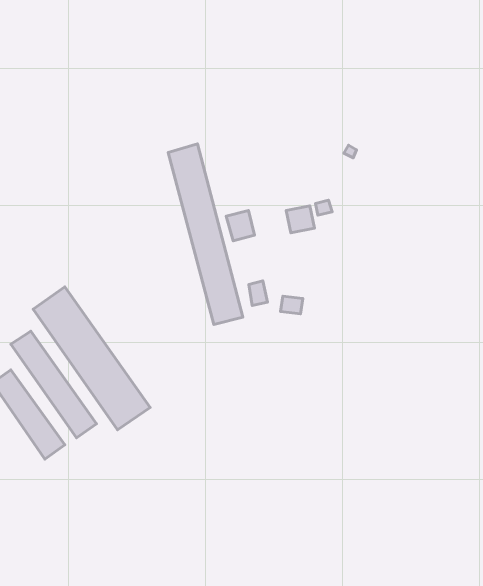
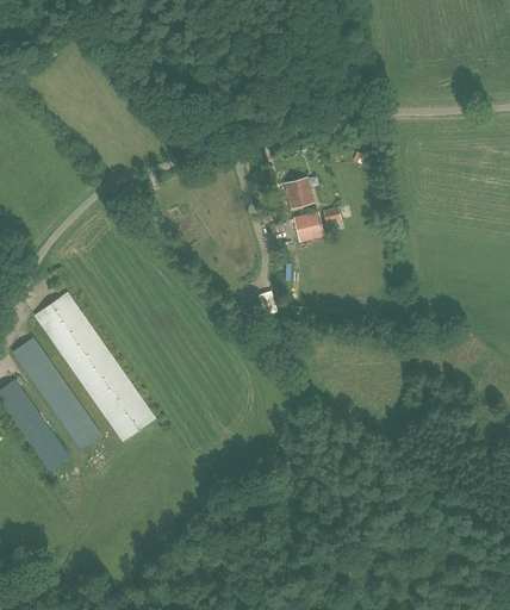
building: [168,144,243,325] -> none
building: [226,210,254,241] -> [284,176,312,207]

